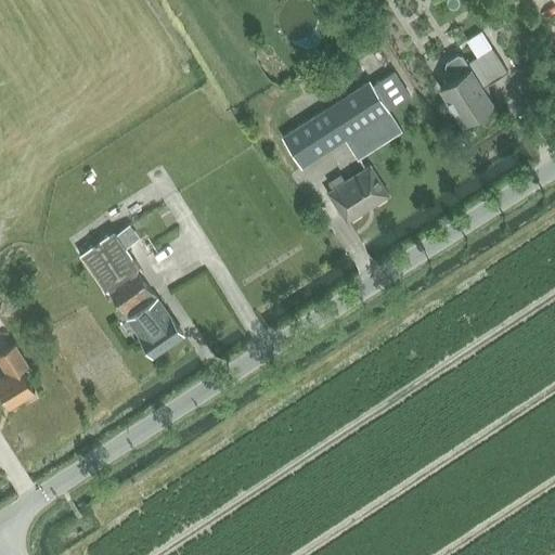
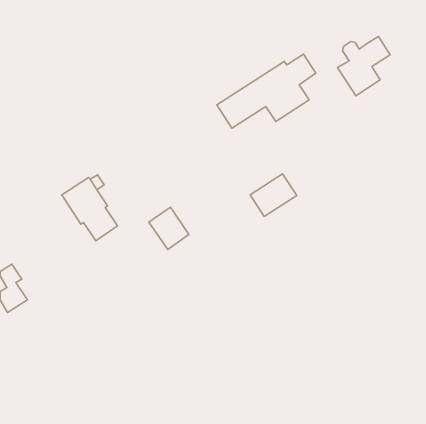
building: [328,168,389,223] -> [250,174,297,216]
building: [129,301,181,357] -> [149,207,189,250]

